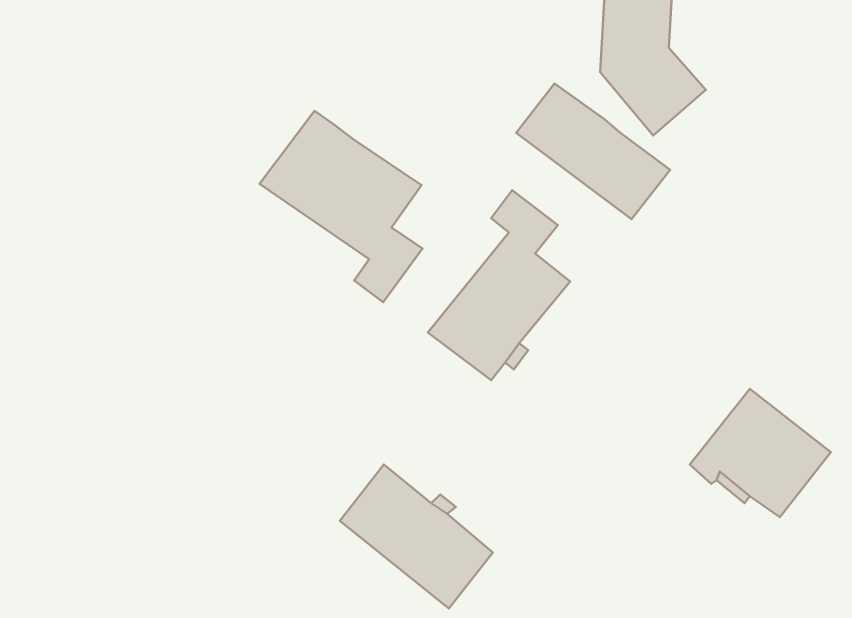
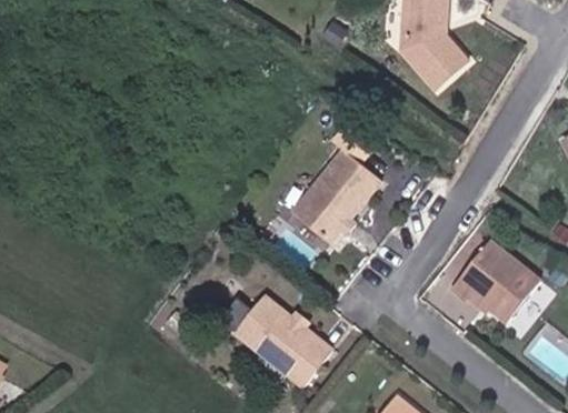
building: [516,83,670,219] -> none
building: [260,111,422,302] -> none

